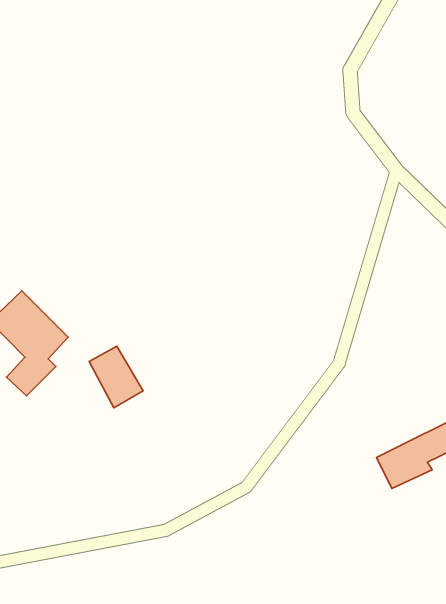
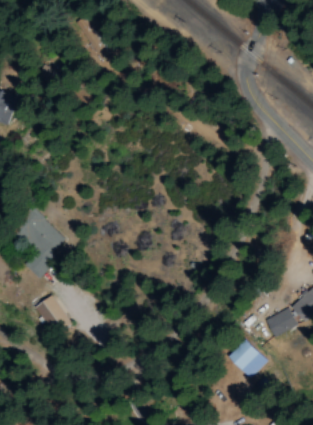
building: [89,346,143,408] -> [36,296,71,336]
building: none -> [228,340,268,380]

